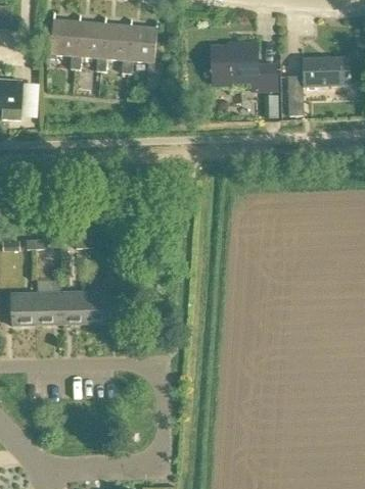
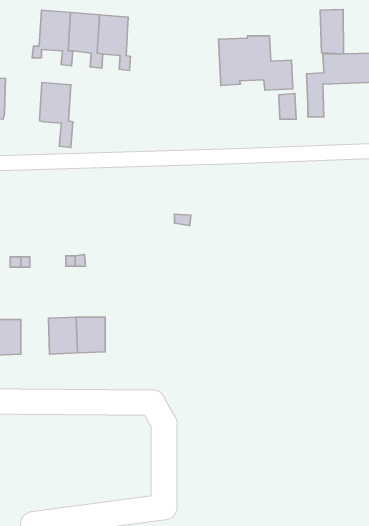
building: none -> [320,9,343,54]
building: [129,27,158,84] -> [39,83,73,147]
building: [36,292,61,324] -> none

